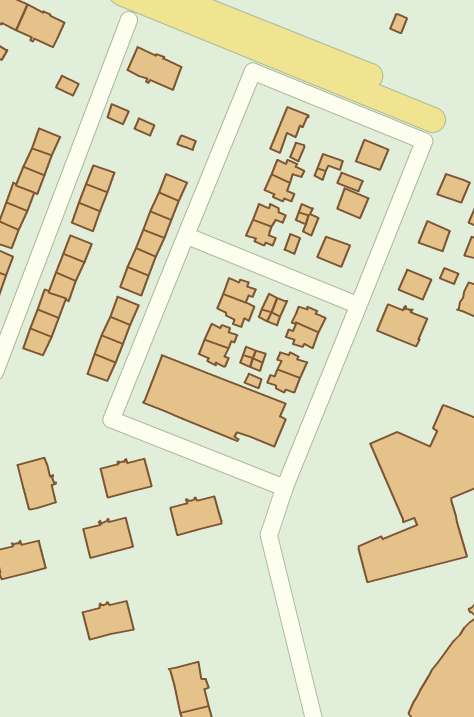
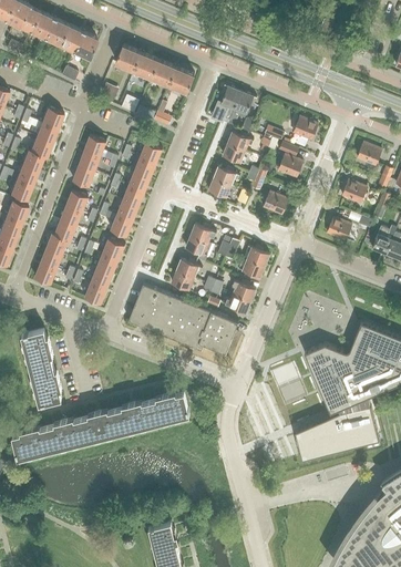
building: none -> [59,27,97,59]
building: none -> [152,61,195,93]
building: none -> [212,85,240,124]
building: [377,304,427,346] -> none
building: none -> [22,330,52,370]
building: [100,459,152,497] -> [115,403,155,433]
building: [82,601,134,640] -> [48,420,88,450]

